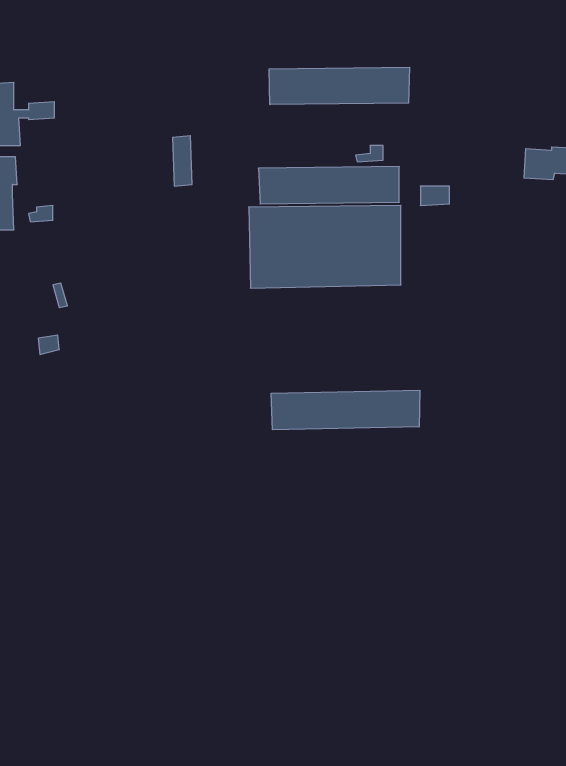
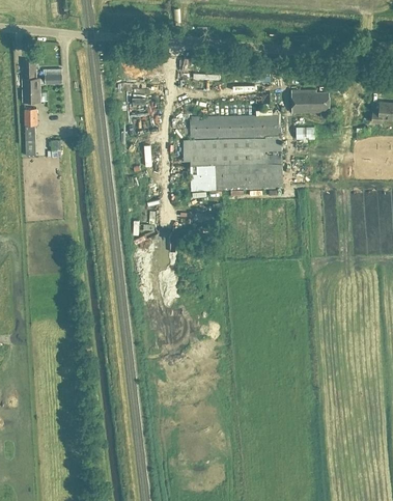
building: [269,67,409,105] -> none
building: none -> [290,89,329,118]
building: [271,390,420,430] -> none

